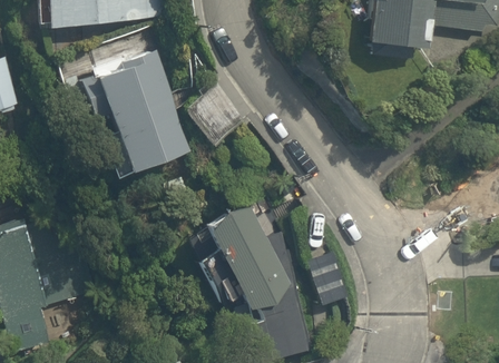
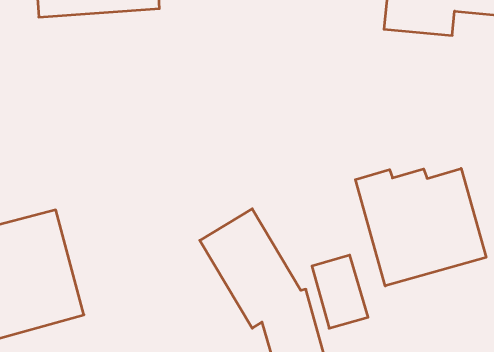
building: [92,50,187,171] -> none
building: none -> [355,168,486,286]

